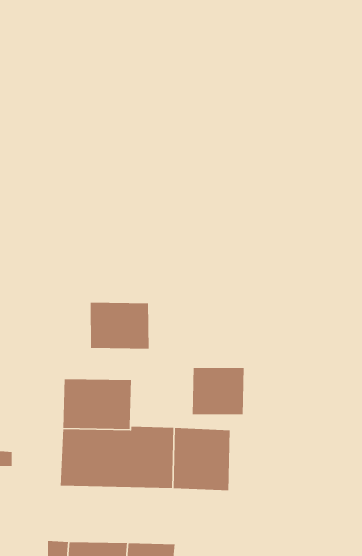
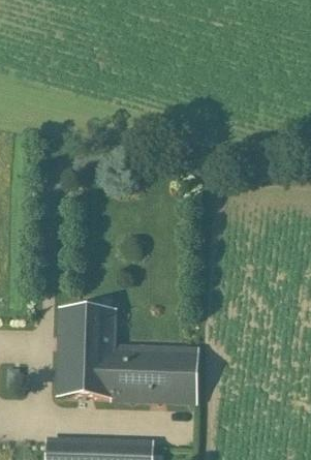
building: [90,302,149,349] -> none
building: [192,367,244,415] -> none

